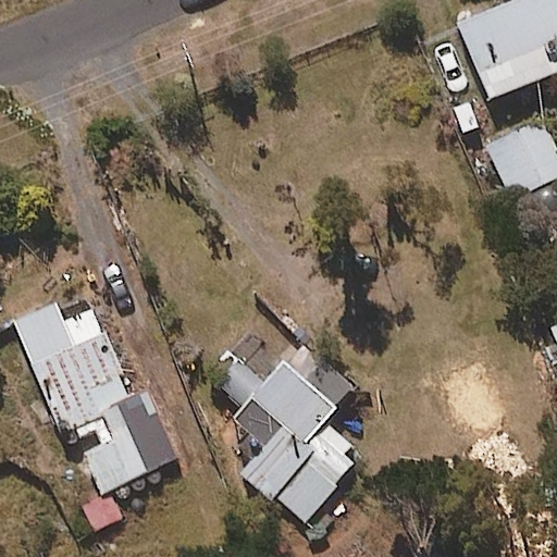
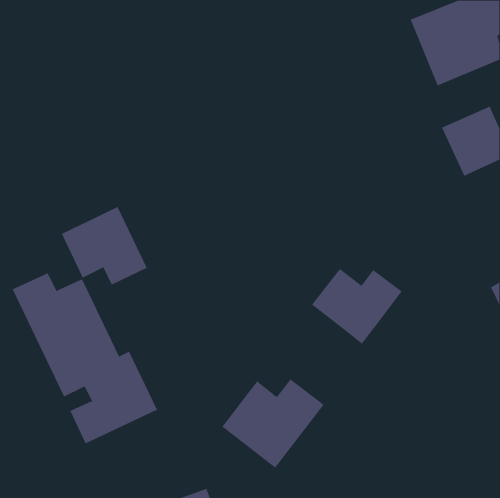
building: none -> [61,206,147,285]
building: [250,358,351,443] -> [311,268,402,345]

